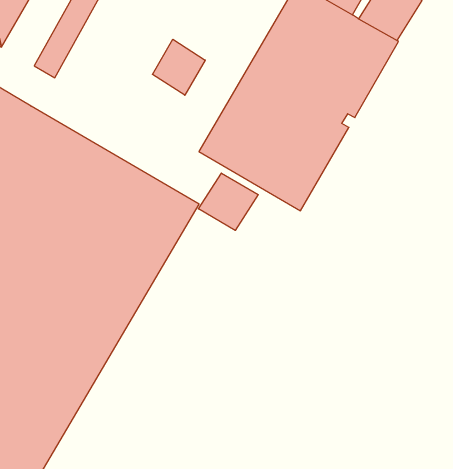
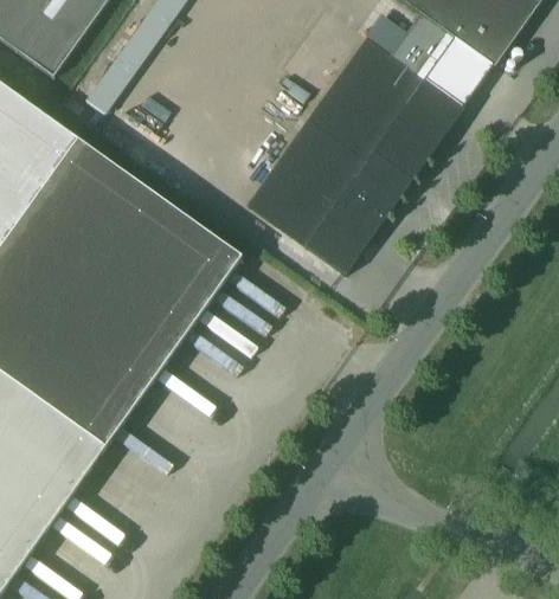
building: [152,39,205,95] -> none
building: [198,173,258,230] -> none

